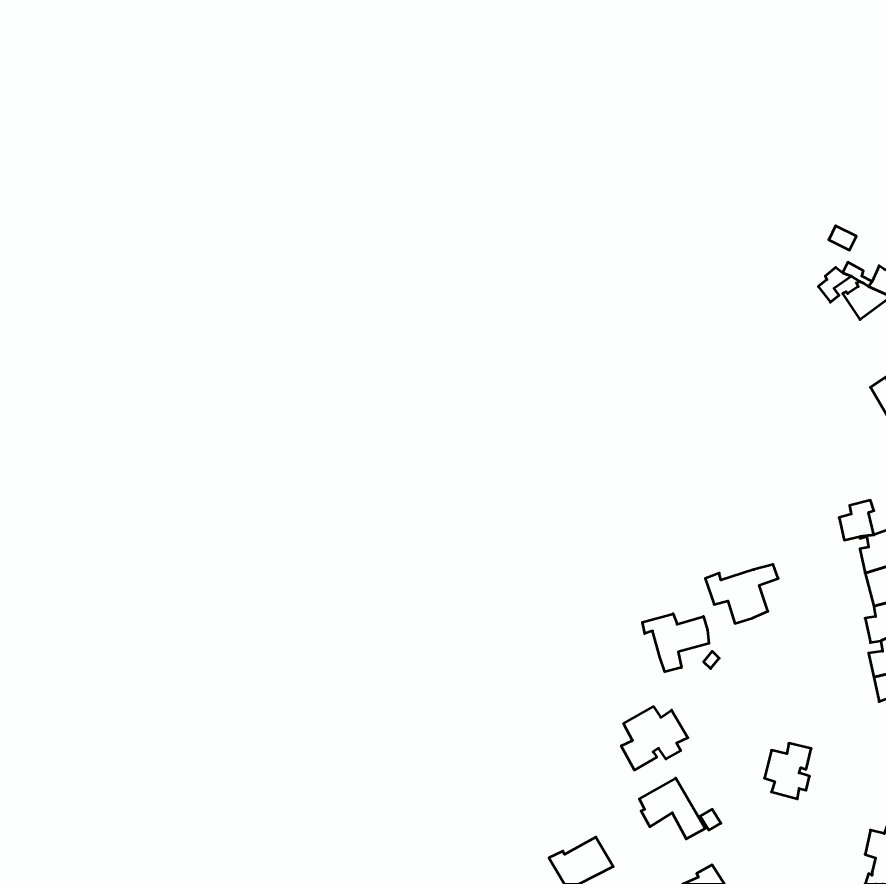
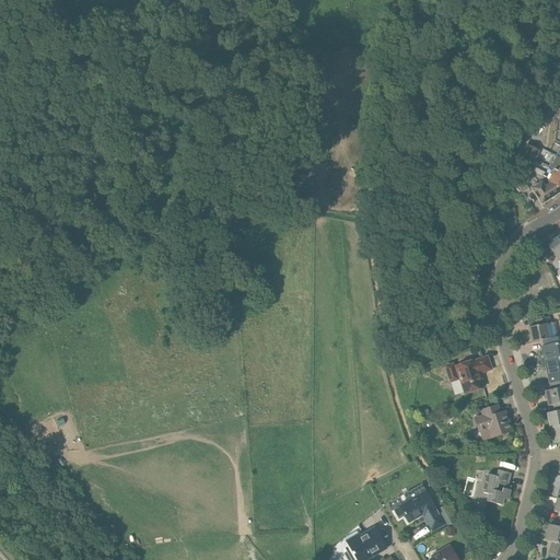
building: [642,614,709,672] -> none
building: none -> [475,404,512,439]
building: [621,707,688,770] -> none

